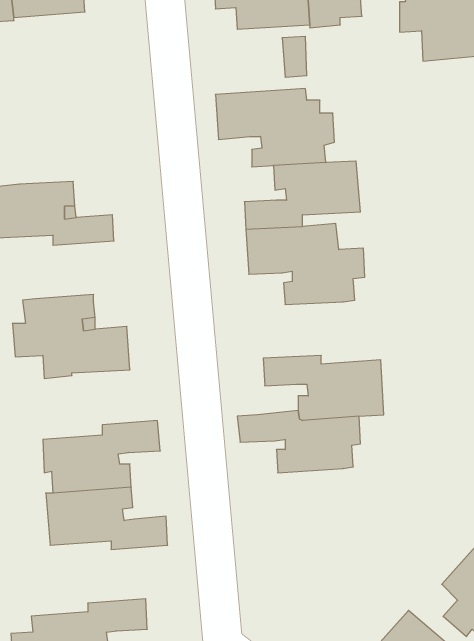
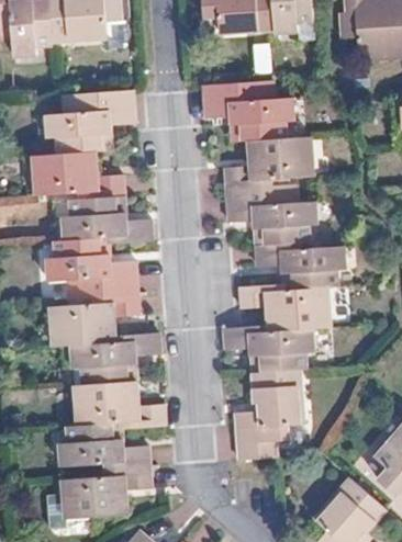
building: none -> [45,90,135,154]
building: none -> [65,196,154,242]
building: none -> [256,242,345,290]
building: none -> [49,294,141,349]
building: none -> [235,369,303,460]
building: none -> [60,424,150,474]

